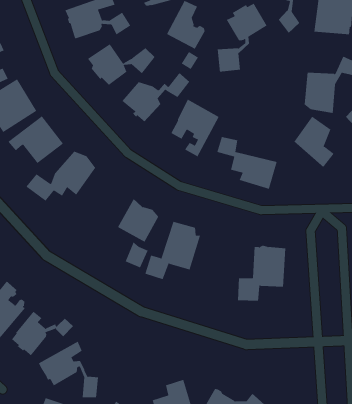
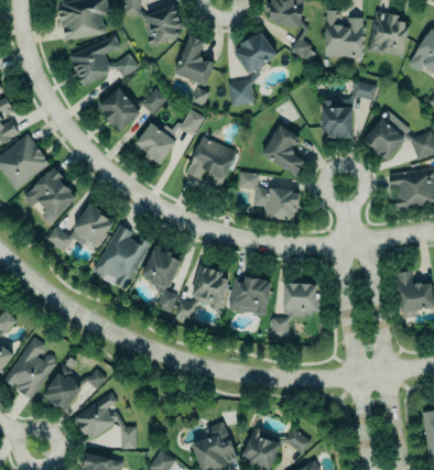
building: [293,116,335,168] -> [262,125,305,177]
building: none -> [90,222,153,288]
building: none -> [227,274,270,315]

